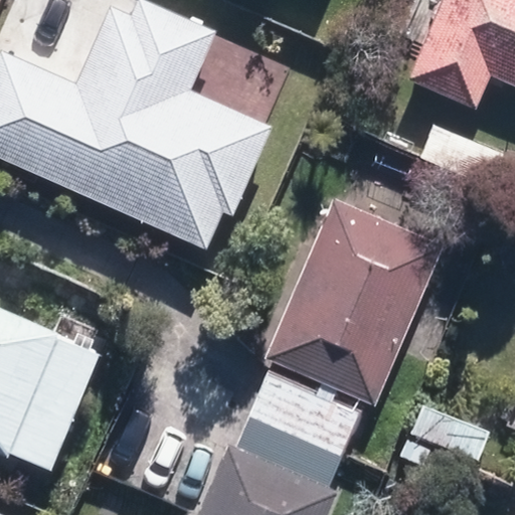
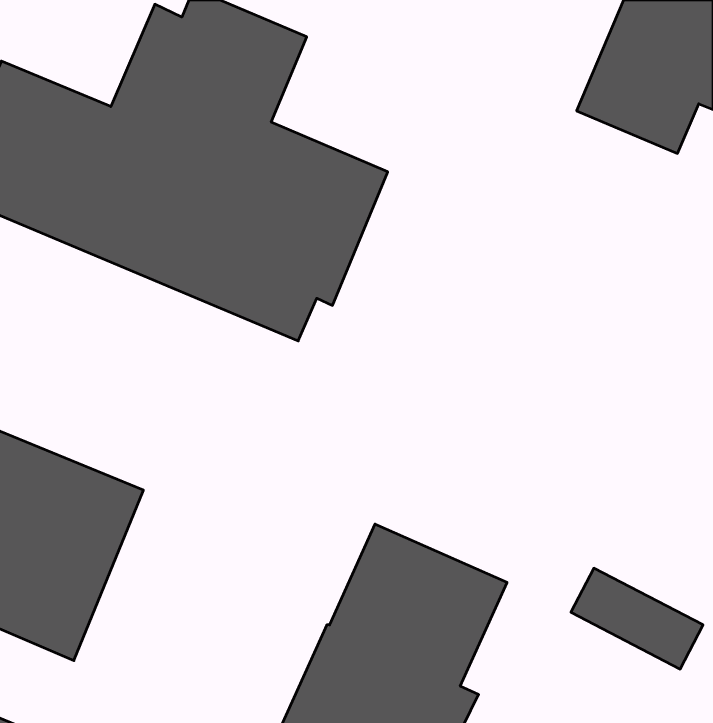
building: [268,205,438,402] -> none

